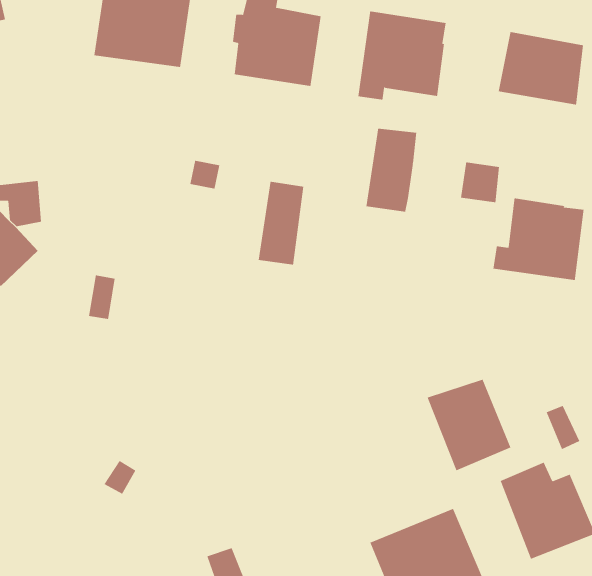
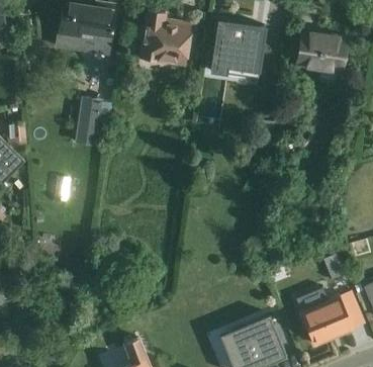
building: [366,128,417,213] -> none
building: [258,181,304,265] -> [75,96,102,146]
building: [493,198,584,281] -> none
building: [427,379,511,471] -> none

